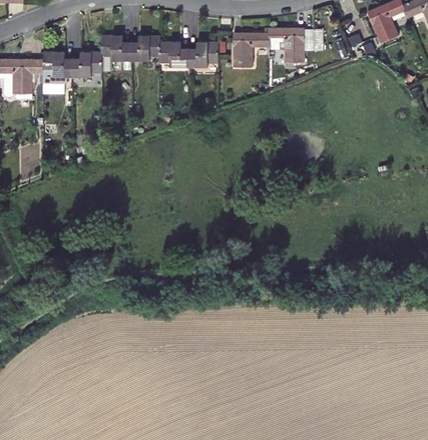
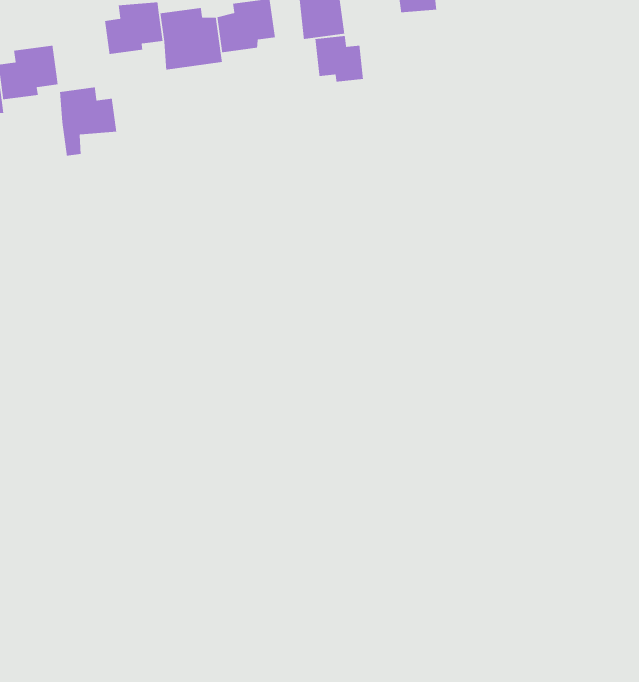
building: [104,37,132,71] -> [59,86,117,157]
building: none -> [315,35,364,83]

